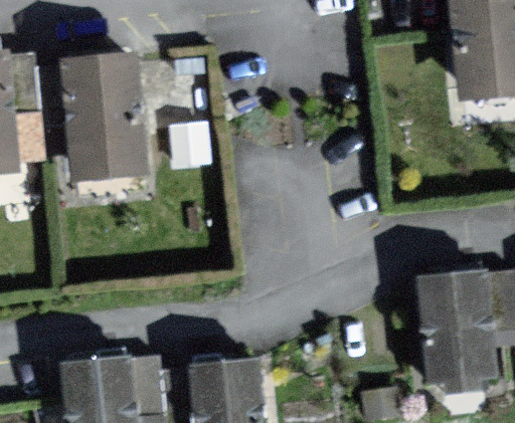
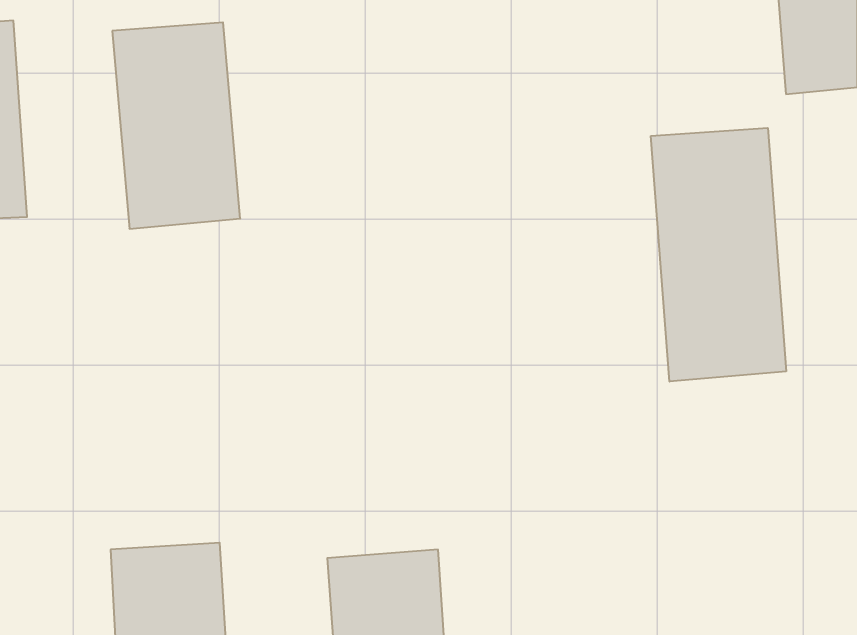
building: none -> [651,128,786,382]
building: [418,269,495,389] -> none

